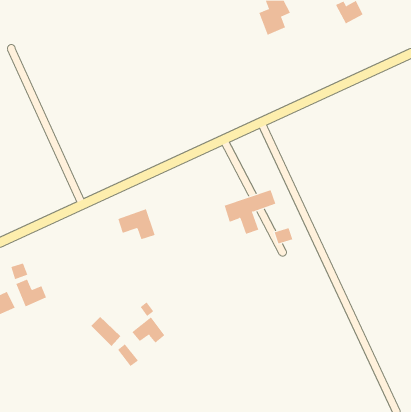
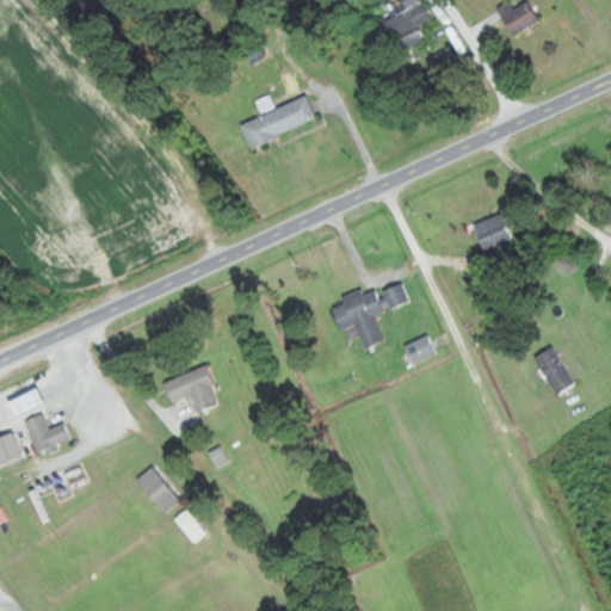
building: none -> [237,97,315,146]
building: none -> [471,212,510,251]
building: [117,208,155,240] -> [162,365,218,412]
building: none -> [535,346,573,394]
building: [132,317,165,344] -> none

